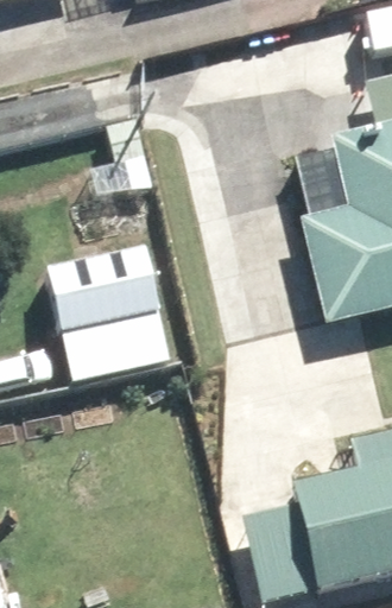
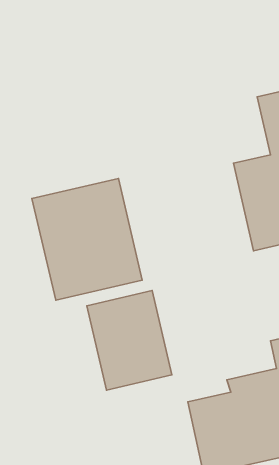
building: none -> [87,290,172,390]

